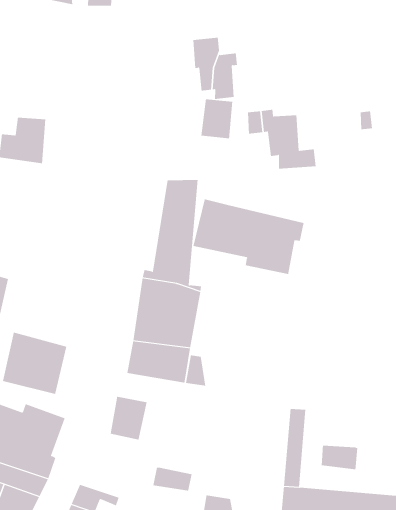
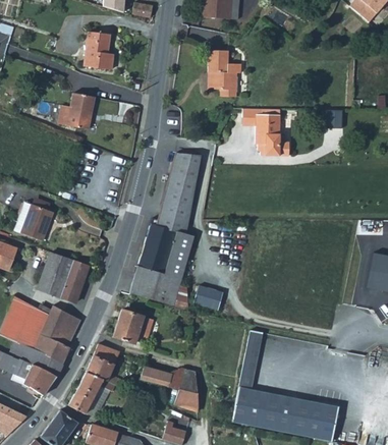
building: none -> [84,33,113,70]
building: [201,99,233,139] -> none
building: [193,199,304,275] -> none
building: none -> [193,287,224,312]
building: none -> [88,341,123,384]
building: [321,445,358,470] -> none
building: none -> [168,367,199,393]

